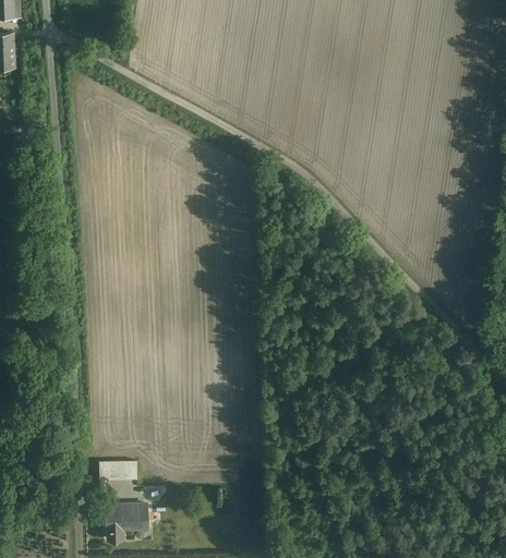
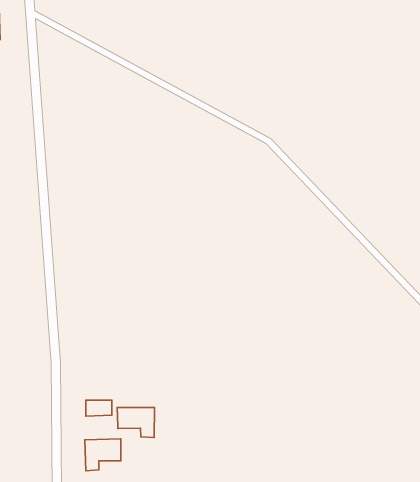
building: none -> [117,407,154,437]

